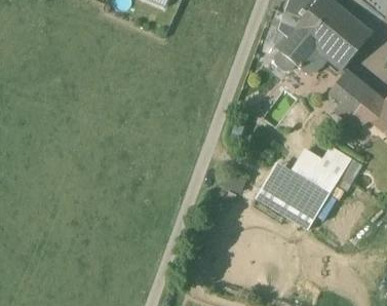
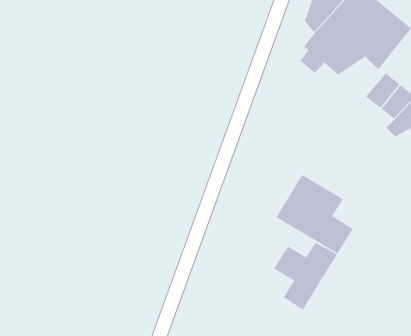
building: [295,147,350,205] -> [273,242,338,310]

